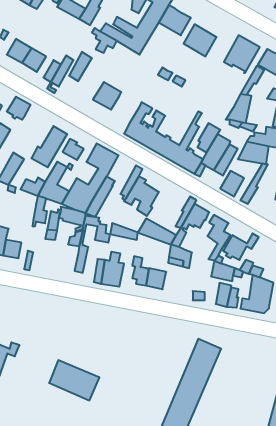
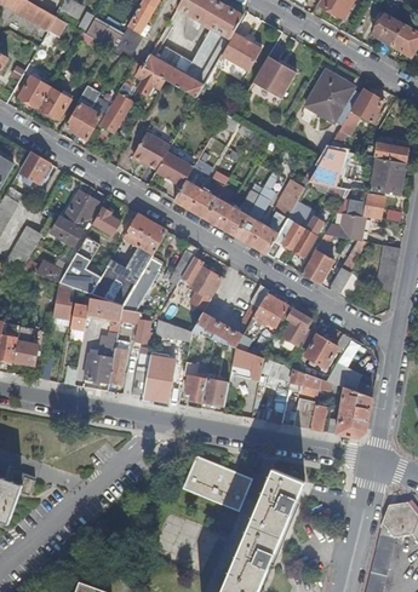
building: none -> [156,150,194,186]
building: none -> [86,349,114,383]
building: [49,360,99,400] -> [184,458,251,511]

